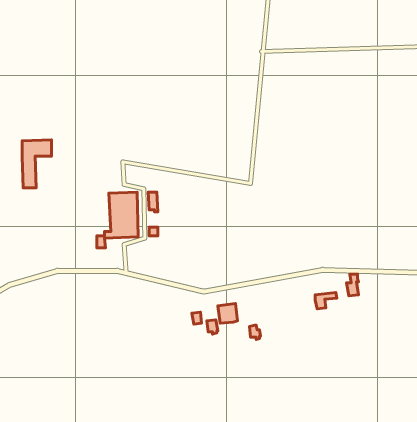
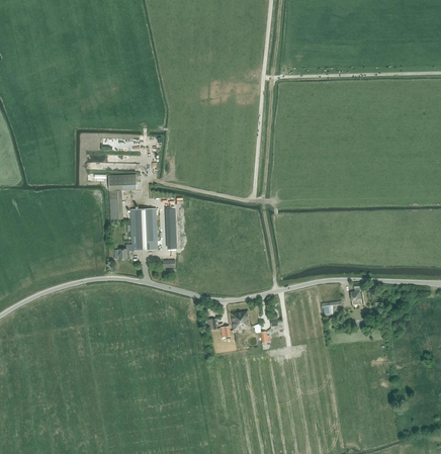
building: [22,140,51,188] -> [109,174,137,218]

